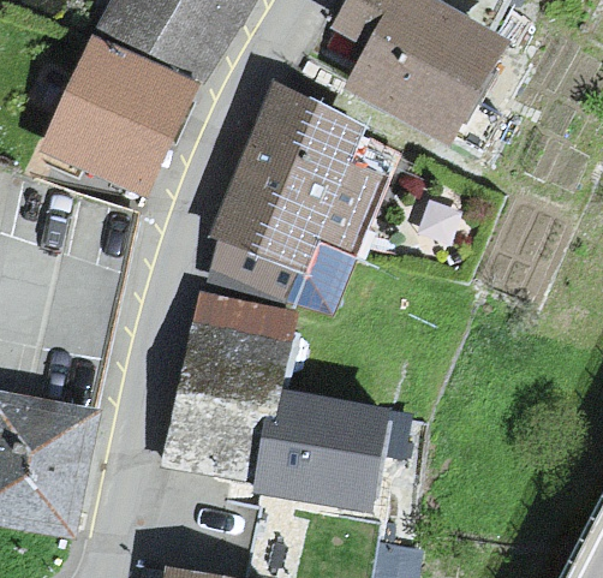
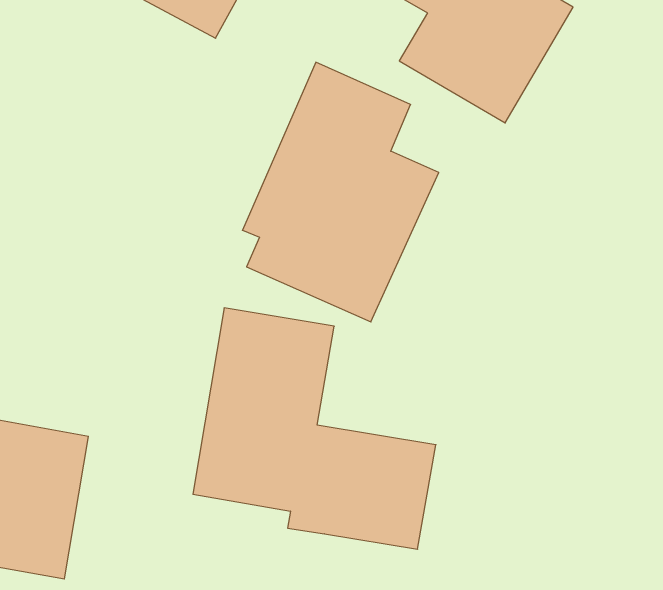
building: [46,41,186,186] -> none

